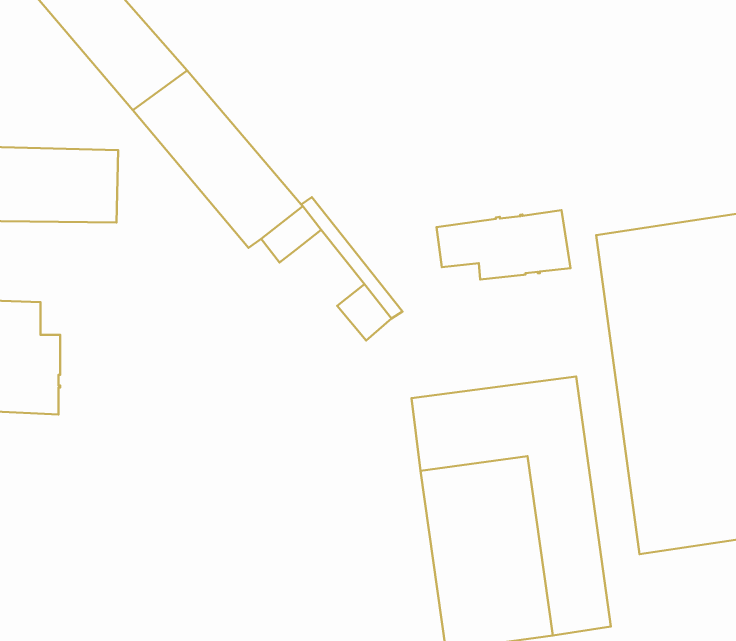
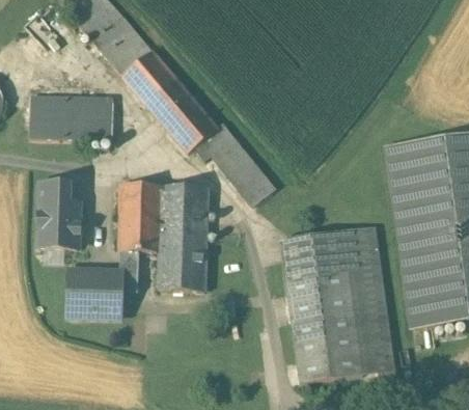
building: [436,210,571,280] -> none
building: none -> [214,142,253,186]
building: none -> [119,183,208,291]
building: none -> [66,263,137,317]

